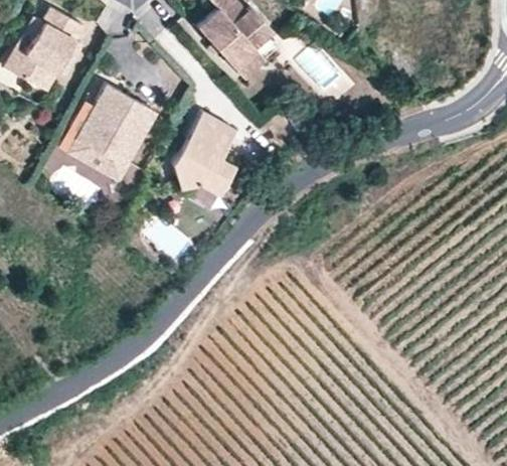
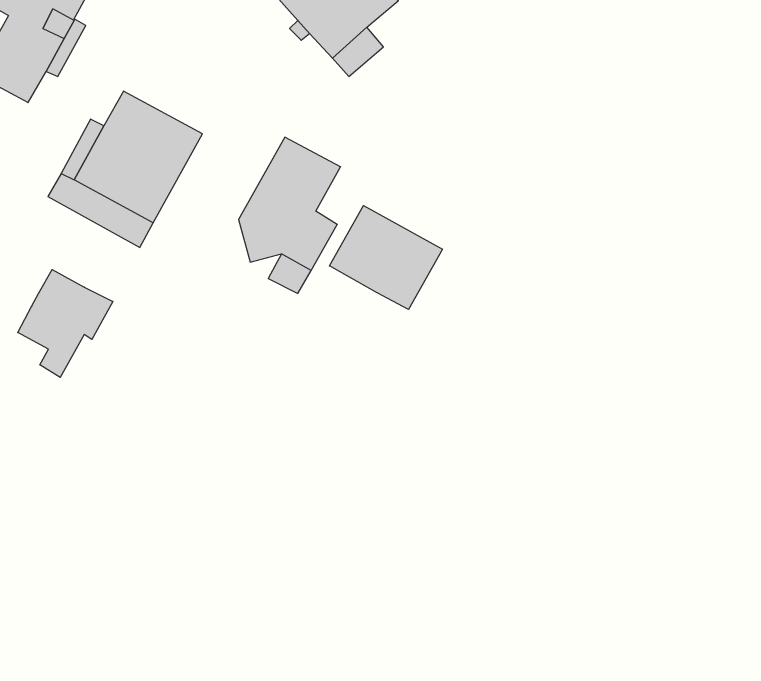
building: none -> [329,206,442,309]
building: none -> [18,270,113,377]

